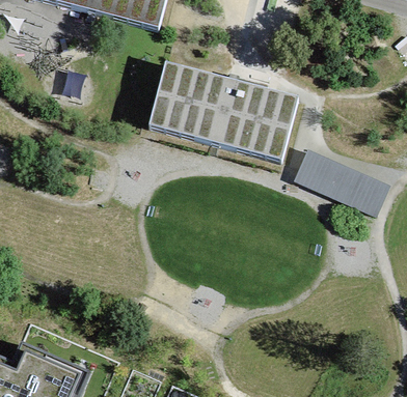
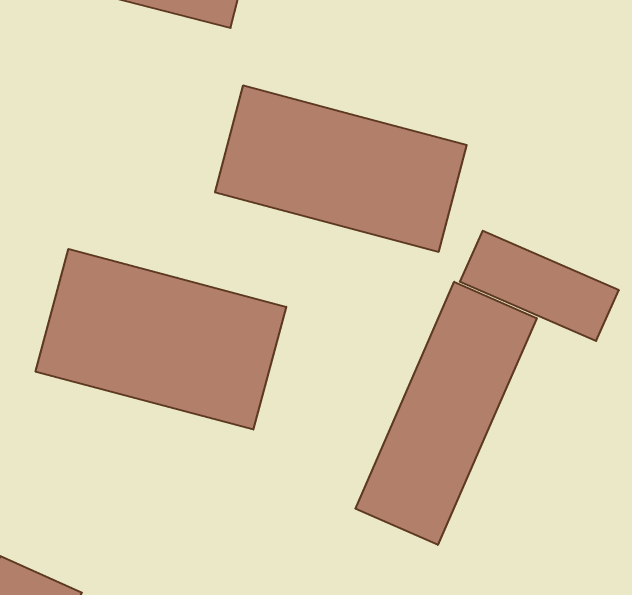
building: none -> [36,249,286,430]
building: none -> [355,282,537,545]

